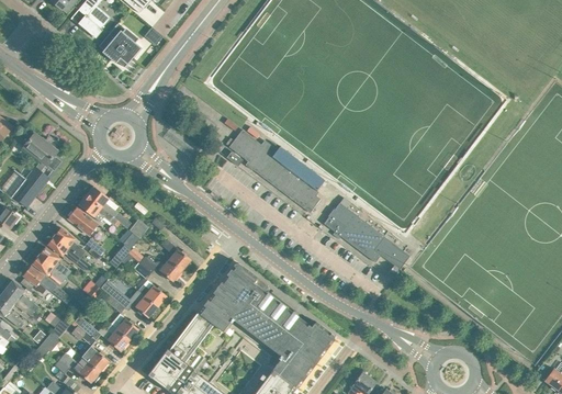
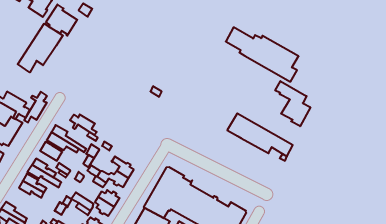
building: none -> [18,24,63,72]
building: [228,130,324,213] -> [226,27,299,82]
building: none -> [24,92,47,123]
building: none -> [275,81,310,126]
building: none -> [70,114,97,135]
building: [22,266,63,296] -> none

